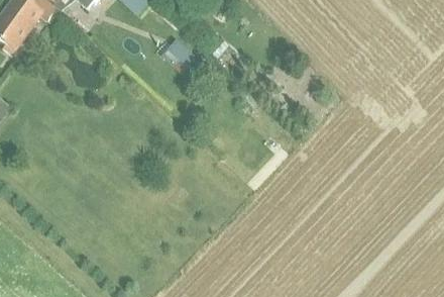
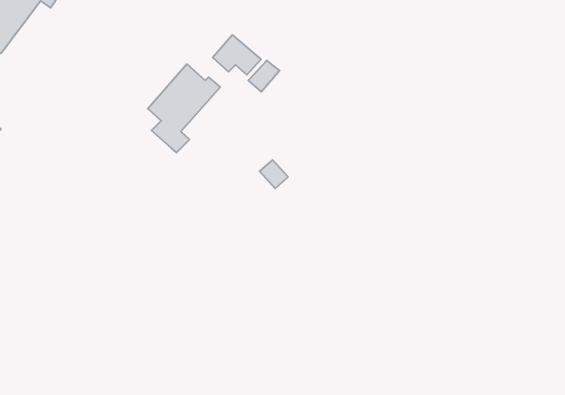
building: none -> [148,64,220,153]

